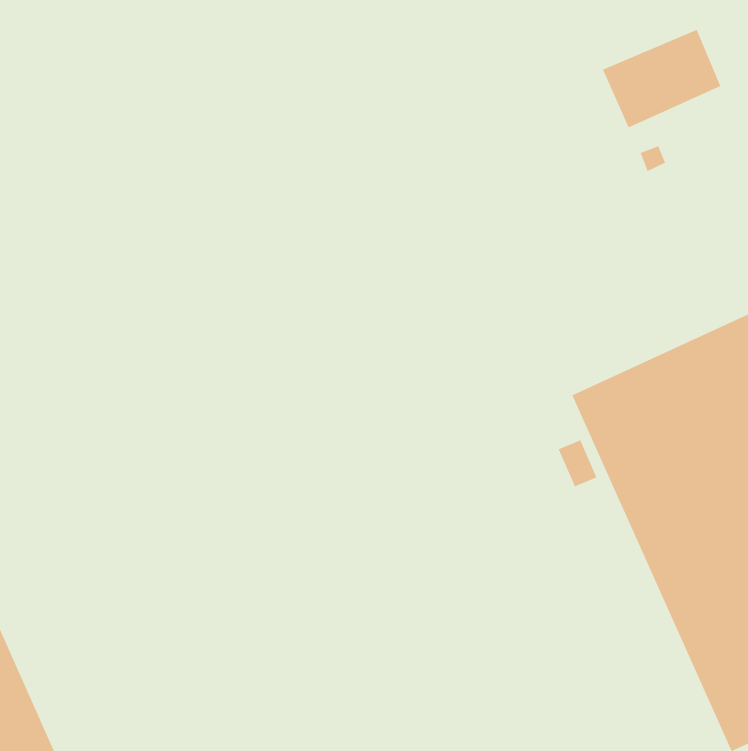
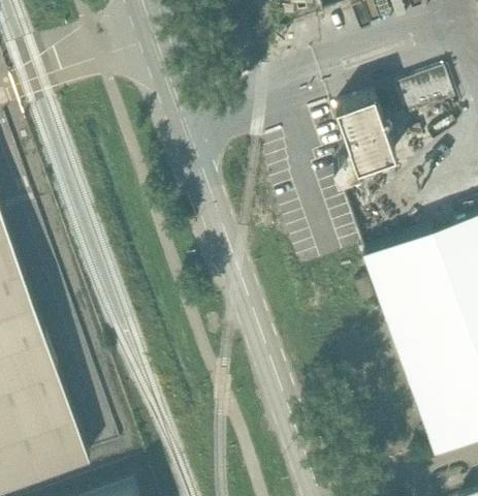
building: none -> [332,97,394,185]

